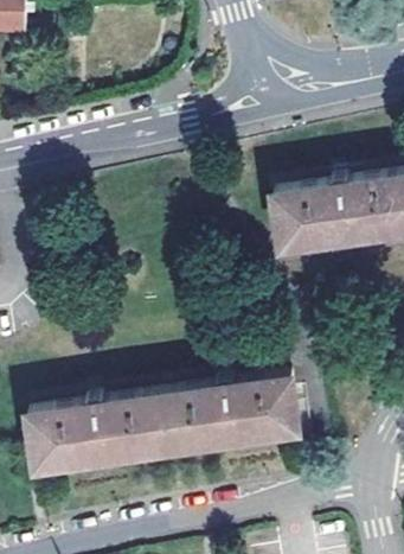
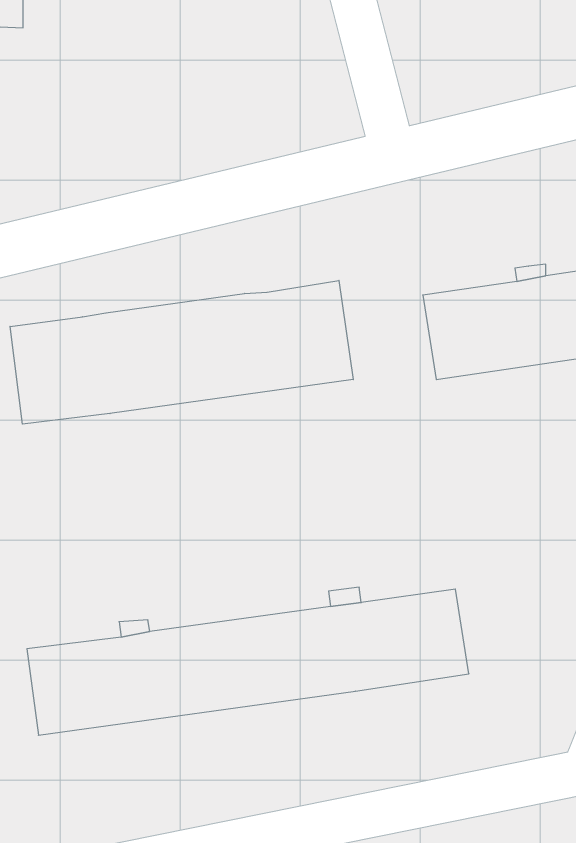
building: none -> [10,280,353,424]

